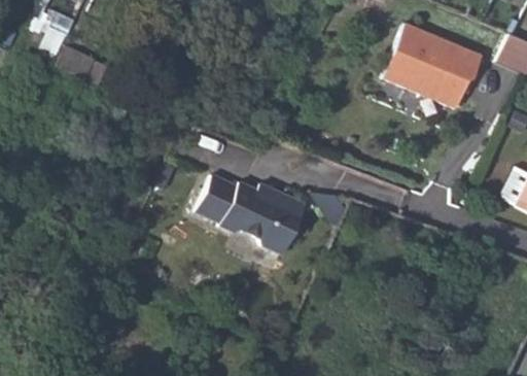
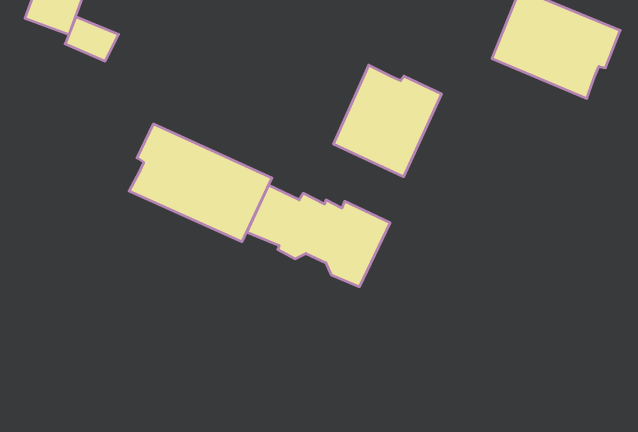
building: none -> [334,65,441,177]
building: none -> [129,124,272,242]

